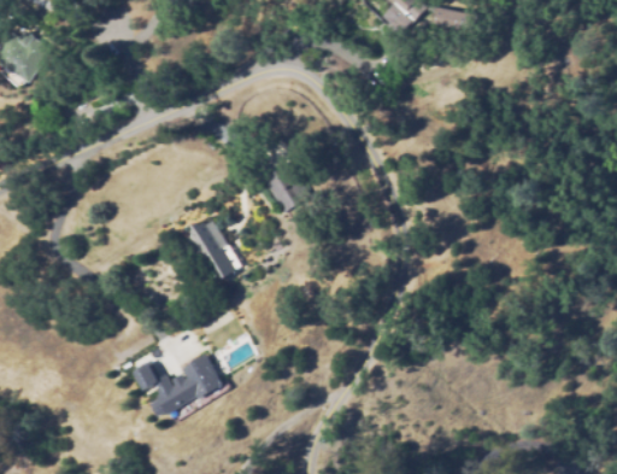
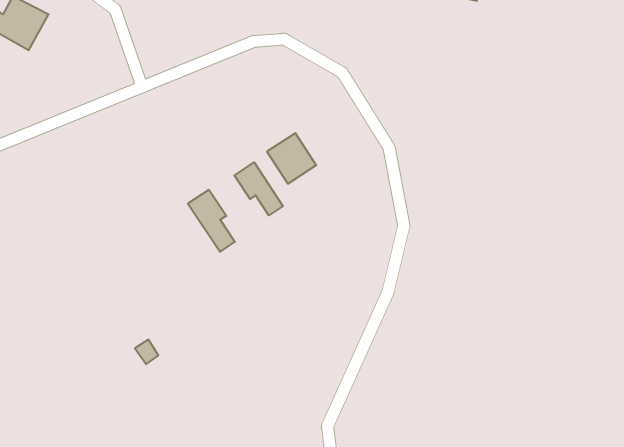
building: none -> [235,162,283,215]
building: [152,355,222,416] -> none

